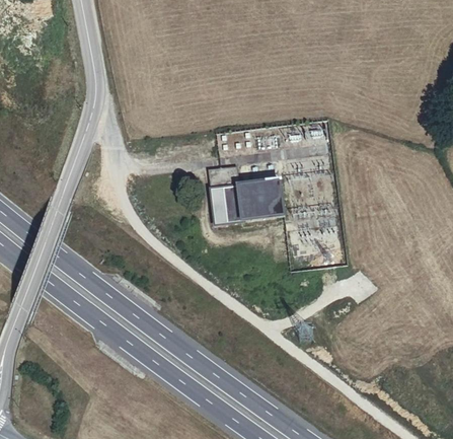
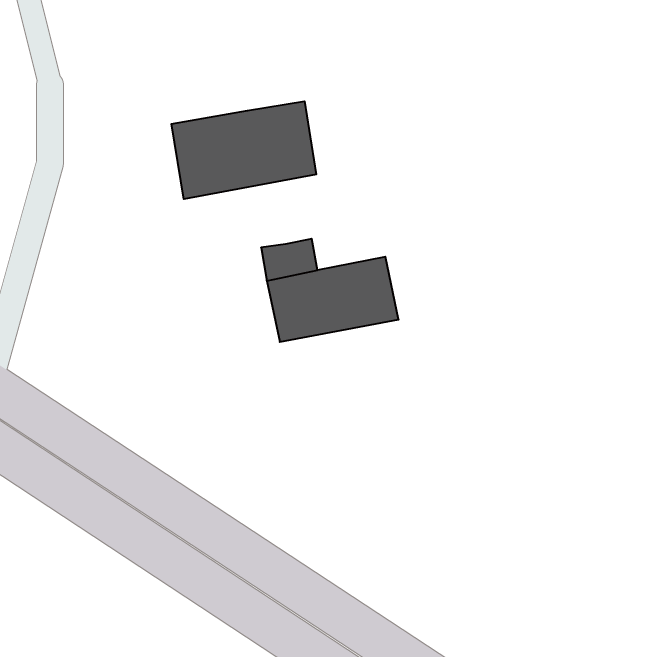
building: none -> [171,101,316,199]

